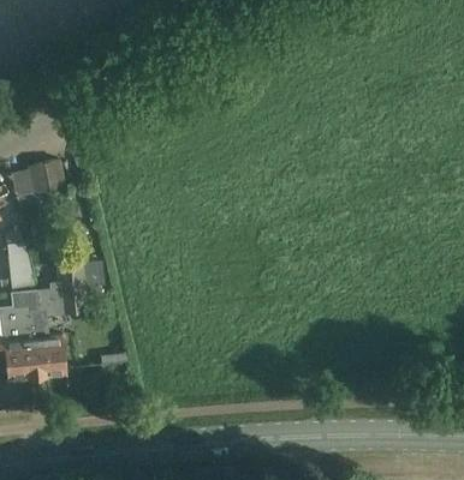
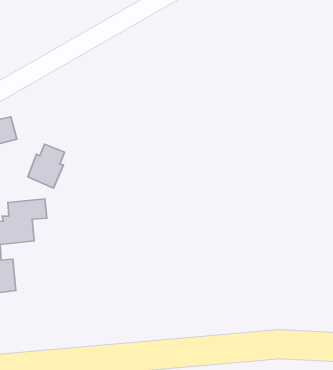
building: none -> [28,144,64,188]

